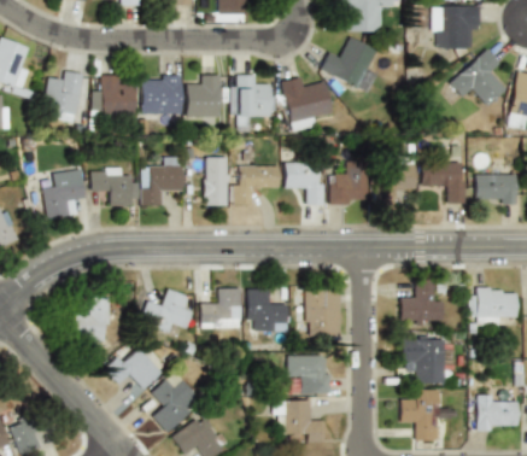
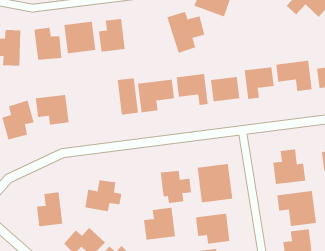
building: [236,74,276,117] -> none
building: [142,157,183,206] -> none
building: [200,288,241,328] -> [143,207,176,240]

